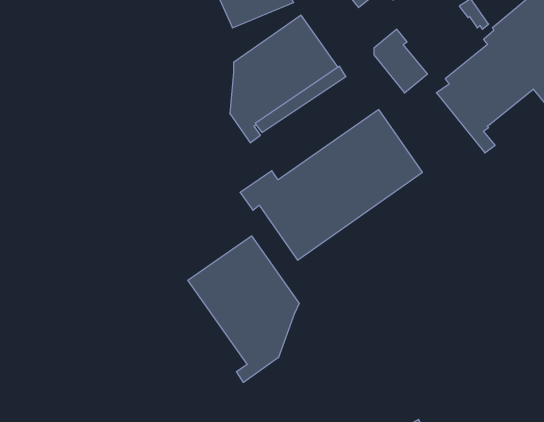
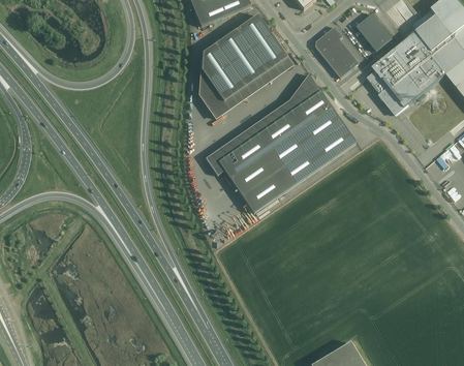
building: none -> [357,12,393,51]
building: none -> [207,72,320,158]
building: [188,236,299,382] -> none

